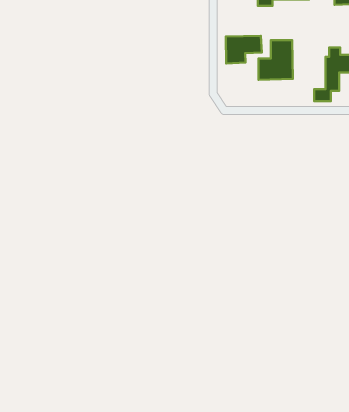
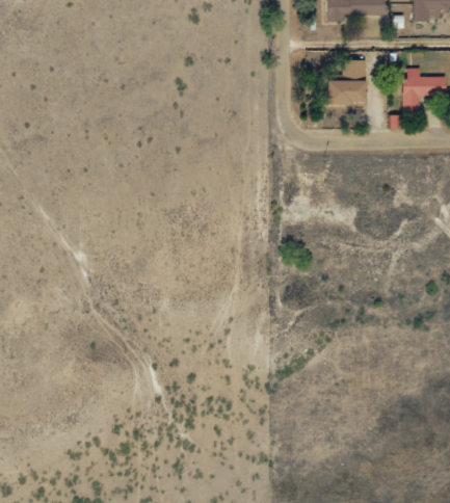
building: [226,36,262,63] -> none

